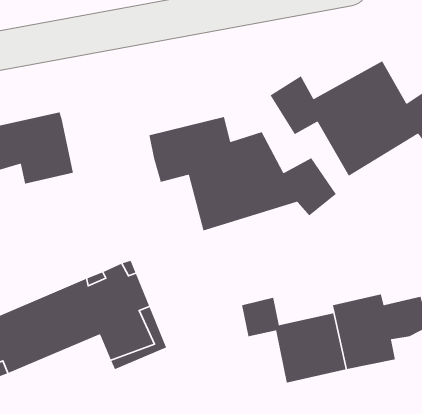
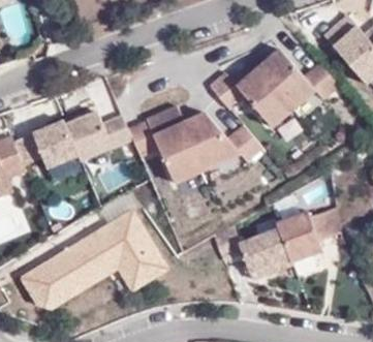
building: none -> [65,111,133,163]

